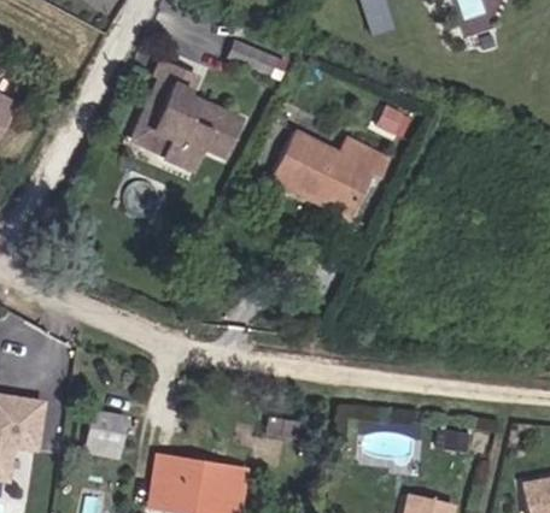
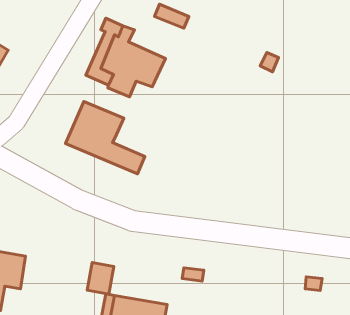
building: [270,129,388,218] -> none
building: none -> [65,101,145,174]
building: [90,407,129,453] -> [87,262,114,294]

